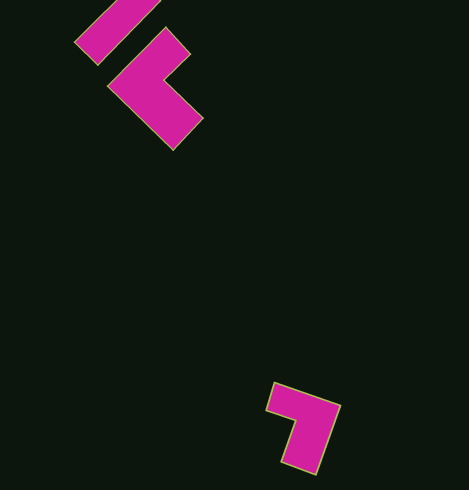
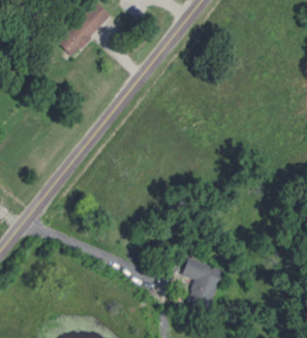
building: [108,27,203,150] -> none

